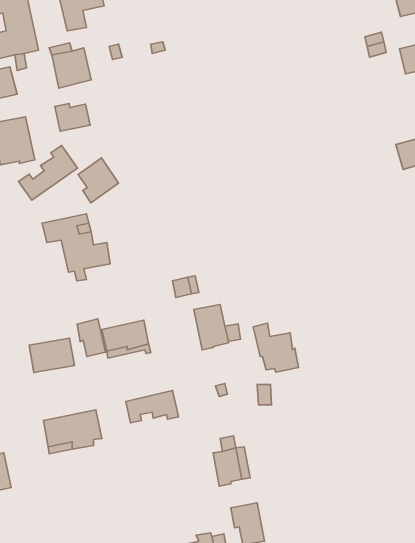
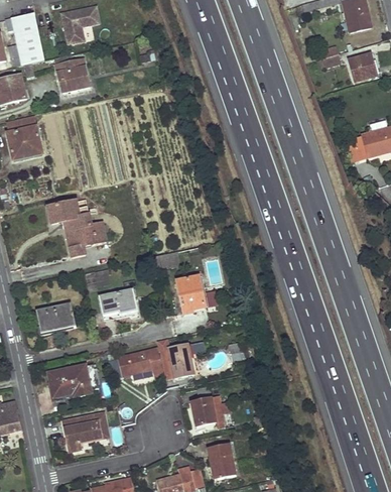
building: [55,104,90,131] -> none
building: [19,145,77,200] -> none
building: [78,158,118,203] -> none
building: [77,319,106,357] -> none
building: [253,323,298,372] -> [155,337,193,378]
building: none -> [63,413,107,451]

